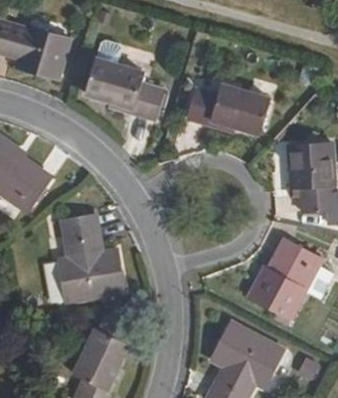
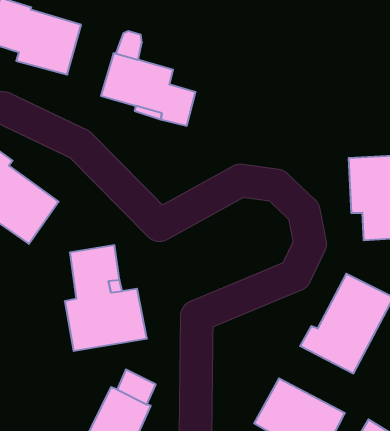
building: [186,84,267,134] -> none

